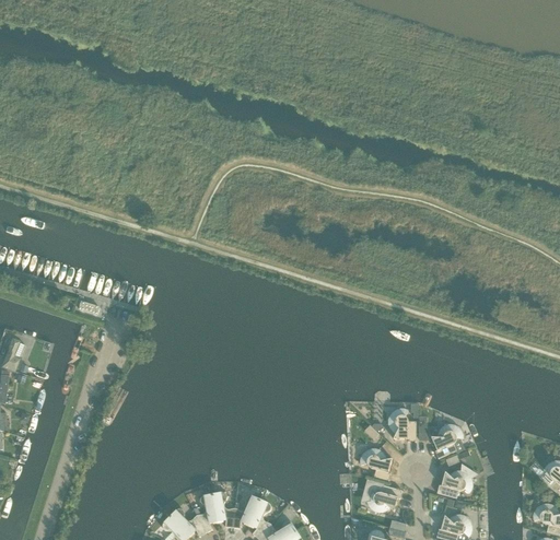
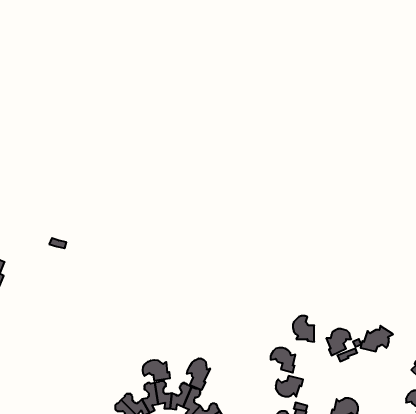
building: none -> [187,358,210,390]
building: [436,465,478,497] -> [361,326,393,351]
building: none -> [143,360,170,381]

